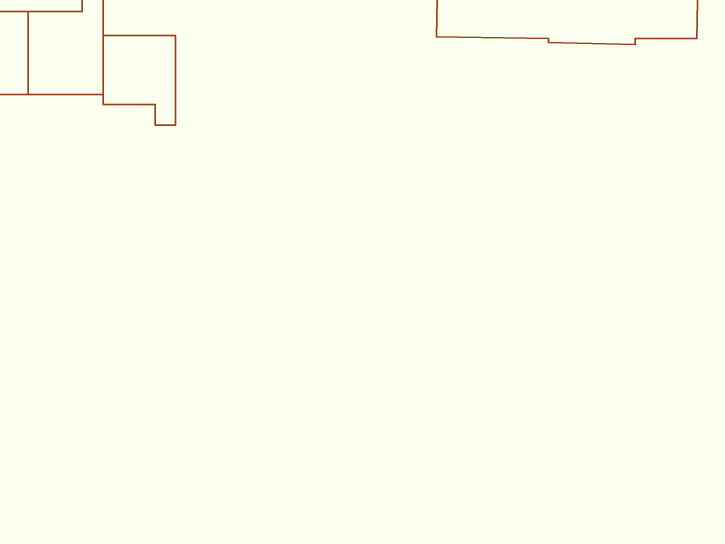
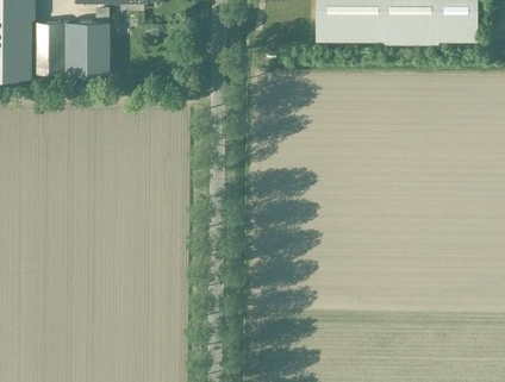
building: [103,35,176,125] -> none

